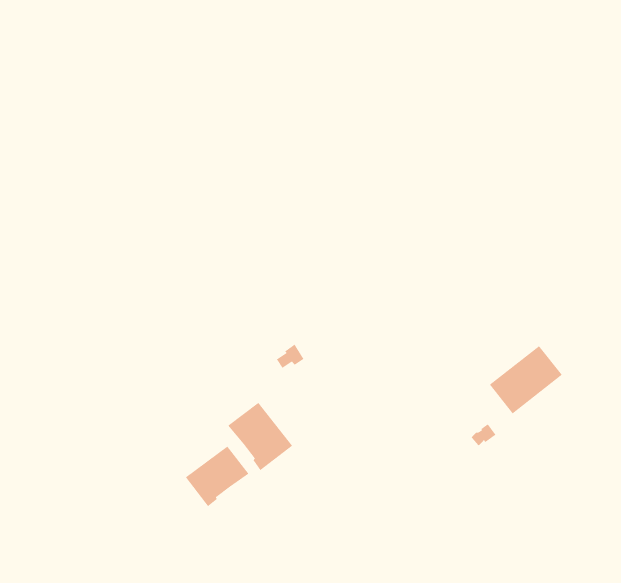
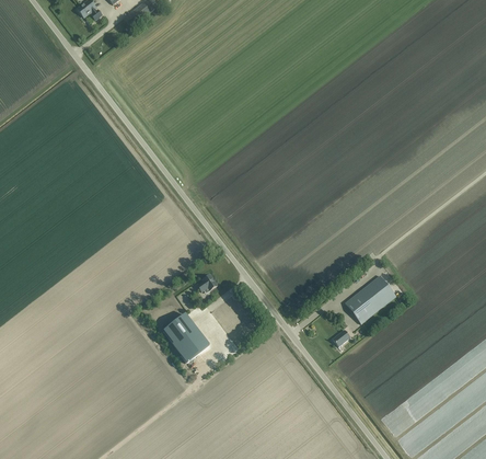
building: [185,446,249,507] -> none

